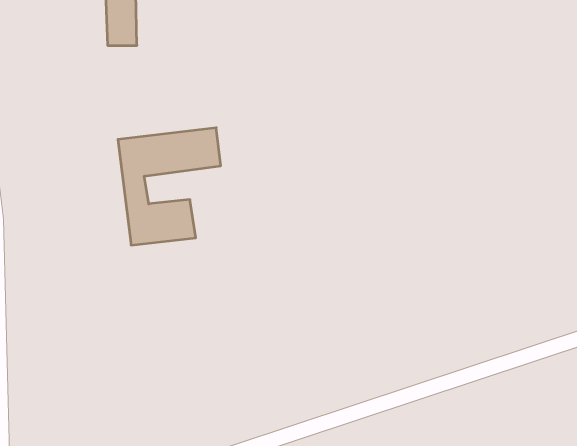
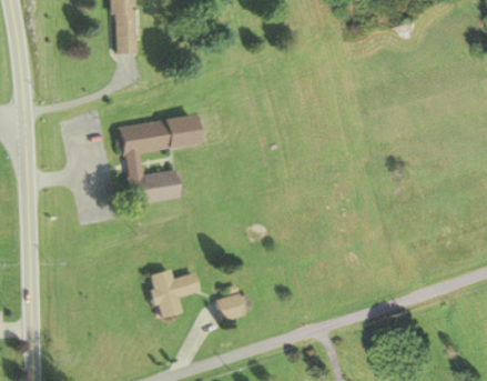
building: none -> [148,268,199,318]
building: none -> [214,284,252,321]

